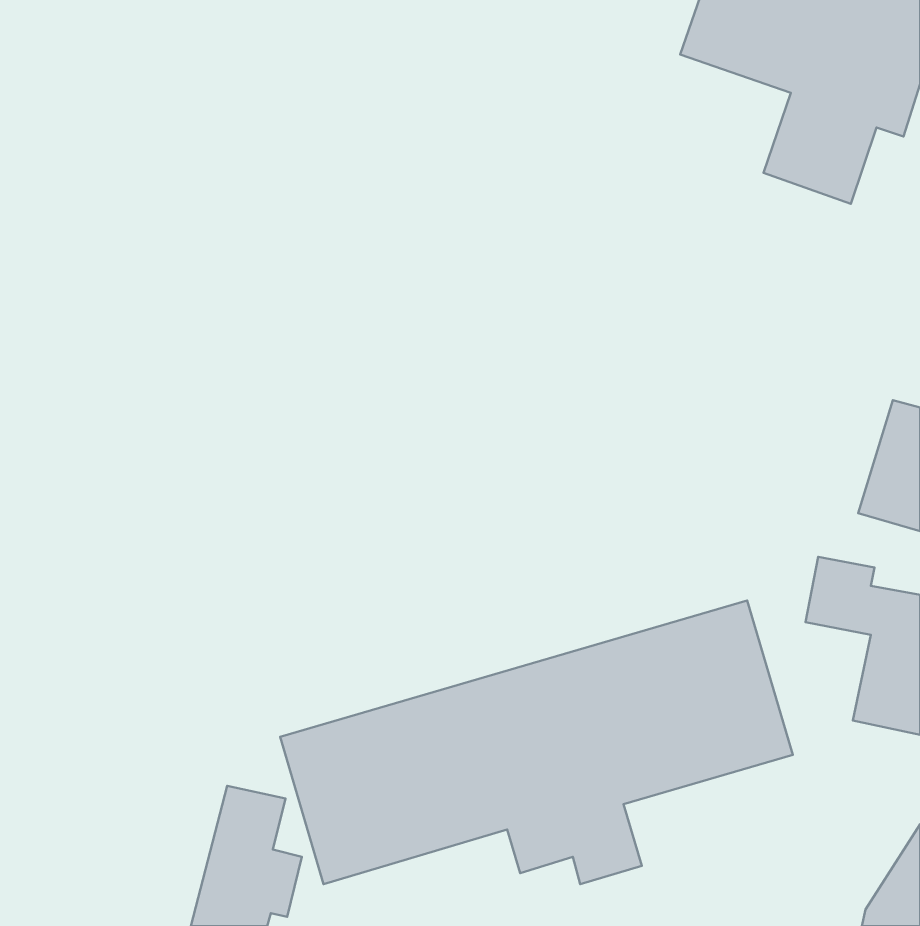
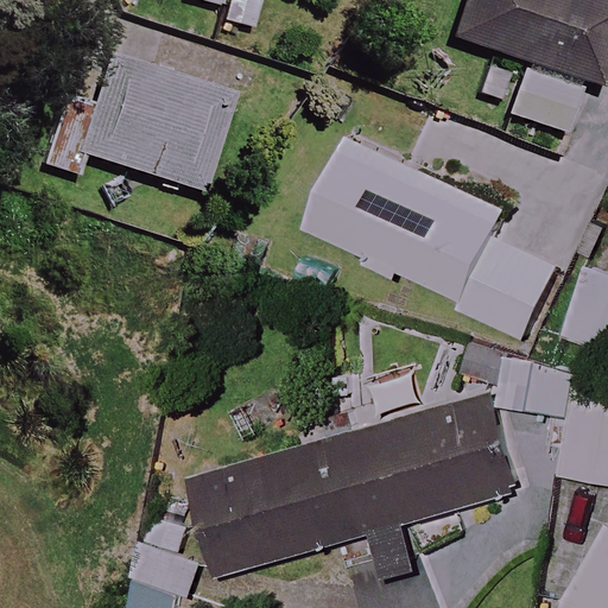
building: none -> [66,56,224,192]
building: none -> [305,134,555,334]

